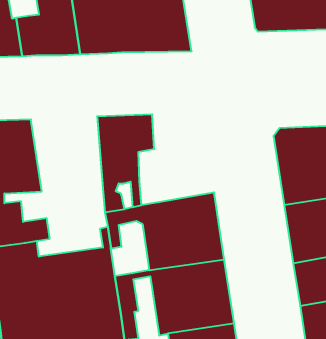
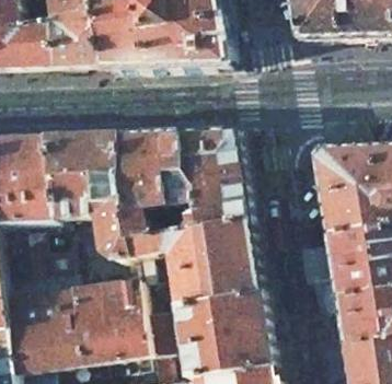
building: none -> [162,129,246,232]
building: none -> [43,133,128,259]

